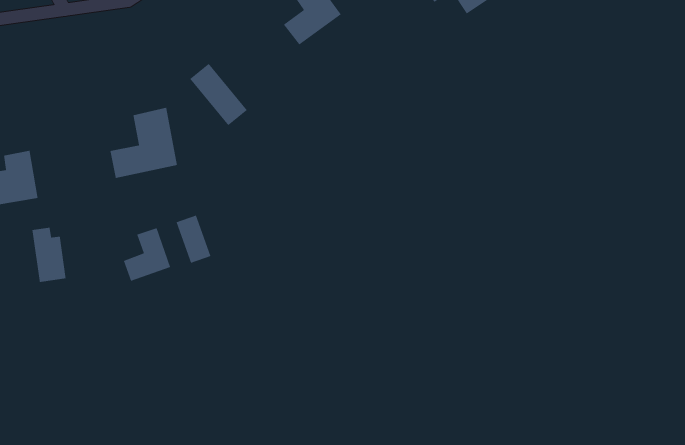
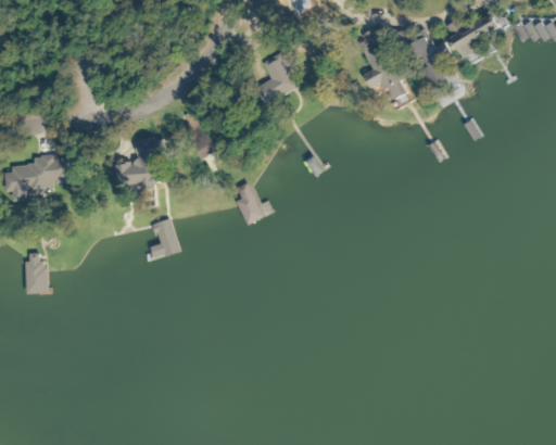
building: [32,227,66,283] -> [26,253,47,293]
building: [123,227,171,282] -> none

